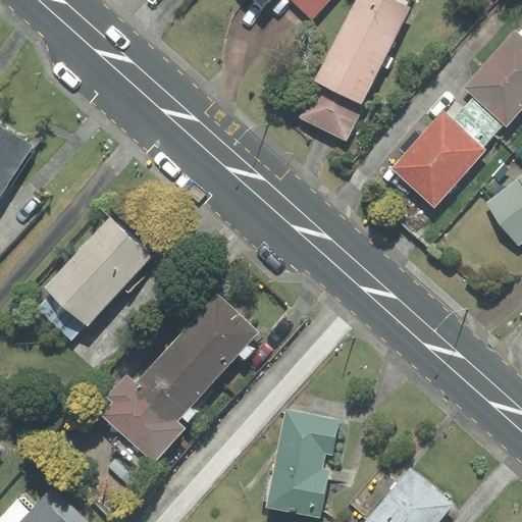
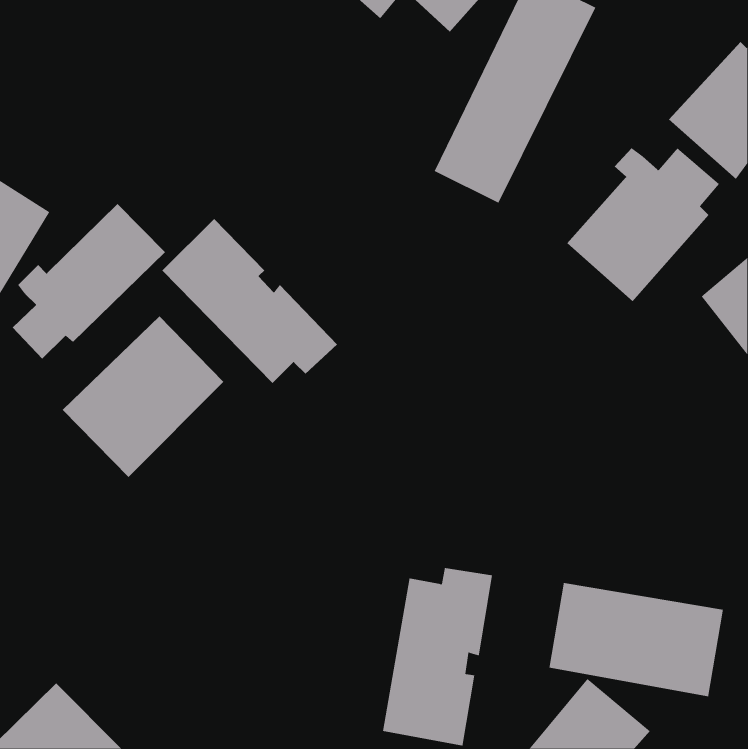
building: none -> [12,203,166,359]
building: none -> [162,218,338,384]
building: [98,289,259,465] -> none
building: none -> [549,582,724,697]

